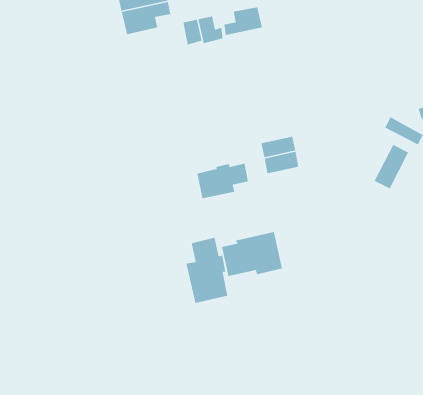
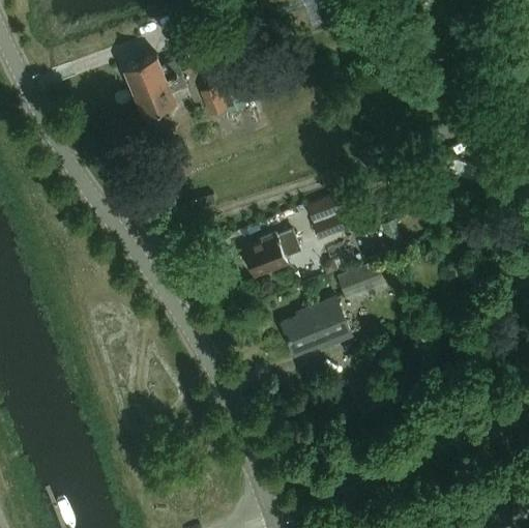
building: [223,6,263,36] -> none
building: [374,144,409,190] -> none
building: none -> [335,264,379,296]
building: [186,237,228,304] -> none

